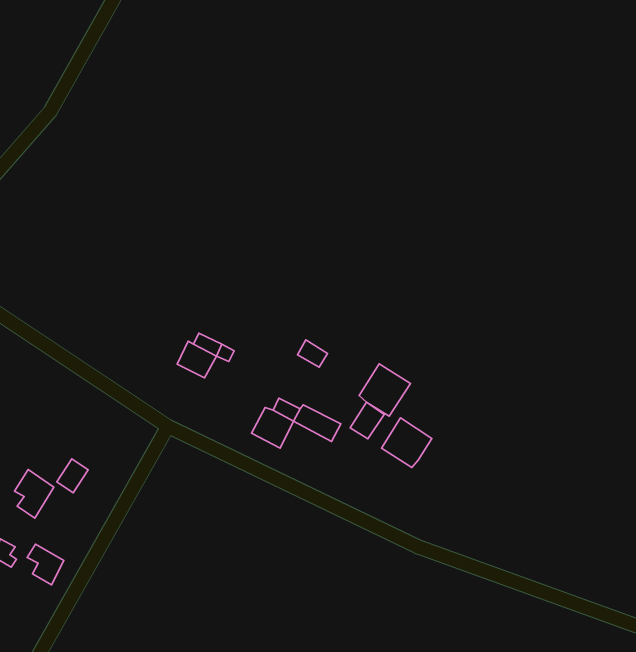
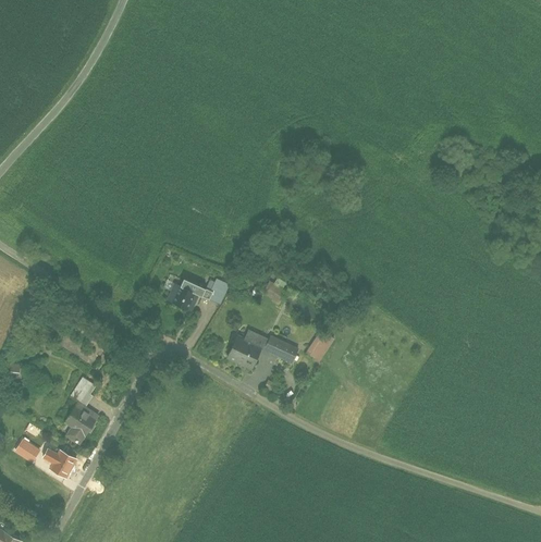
building: [359,364,410,416] -> none
building: [381,418,432,467] -> none
building: [15,470,54,518] -> [64,404,96,443]

